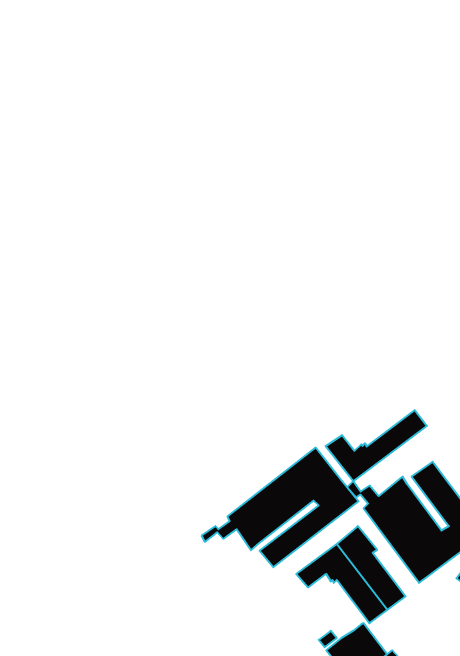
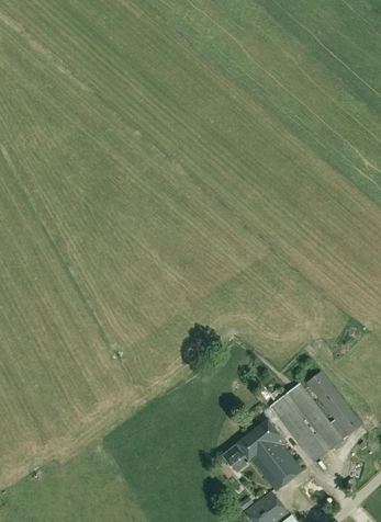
building: [326,410,427,481] -> none
building: [202,448,359,567] -> none

